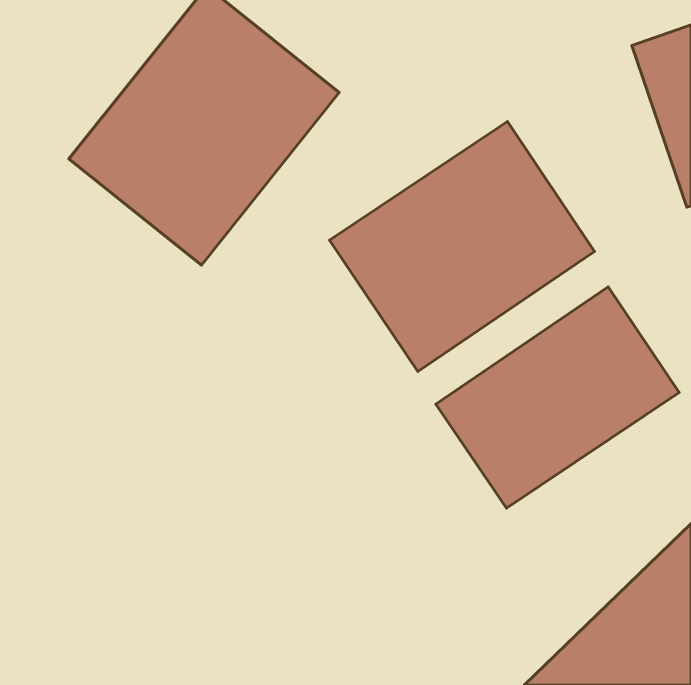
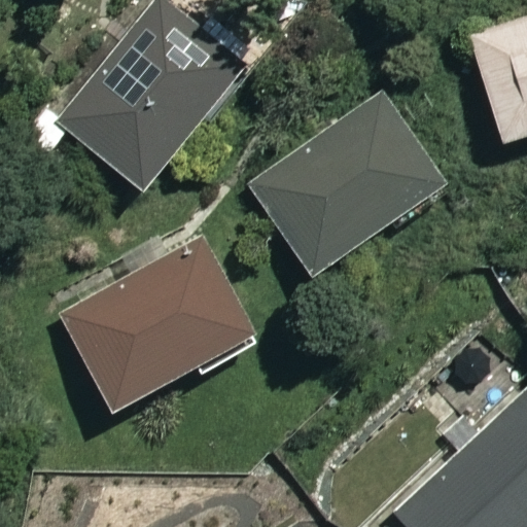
building: [436,287,679,508] -> none
building: none -> [60,235,257,415]

